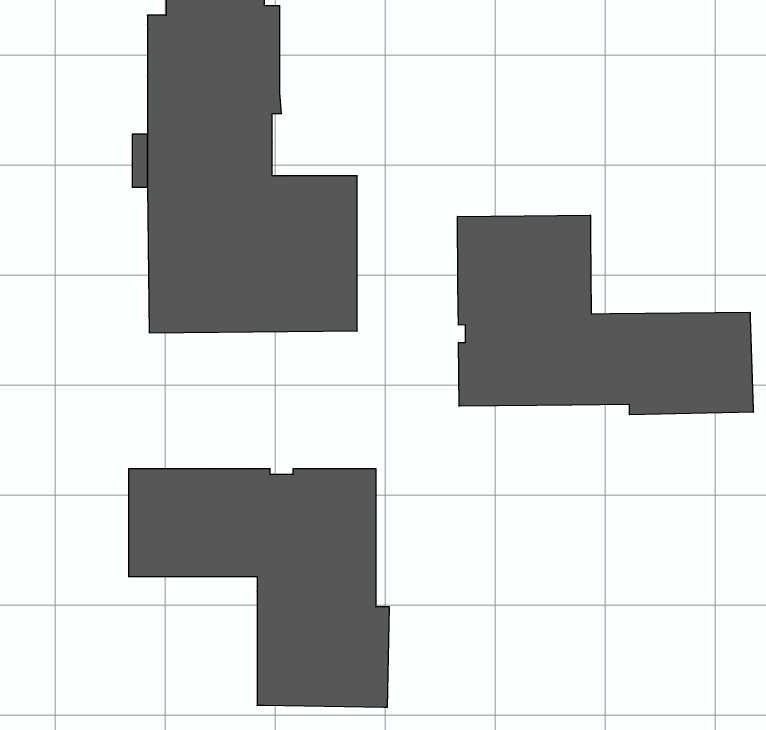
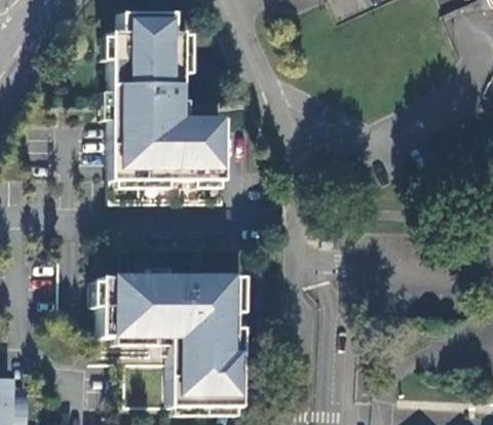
building: [457,215,753,415] -> none

